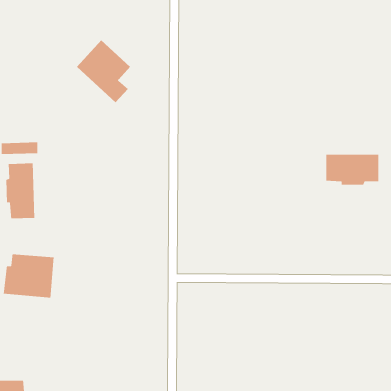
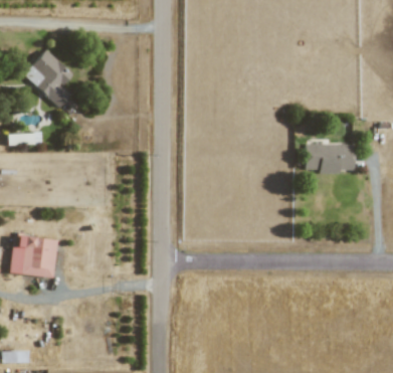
building: [76,39,131,103] -> [23,49,73,108]
building: [5,163,35,219] -> none

